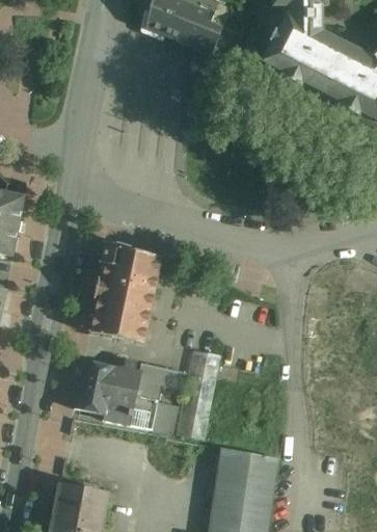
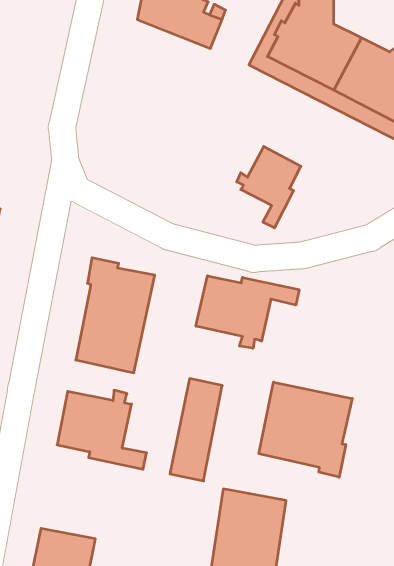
building: none -> [237,146,301,228]
building: none -> [196,276,299,348]
building: none -> [259,382,352,477]
building: [132,362,187,434] -> none

